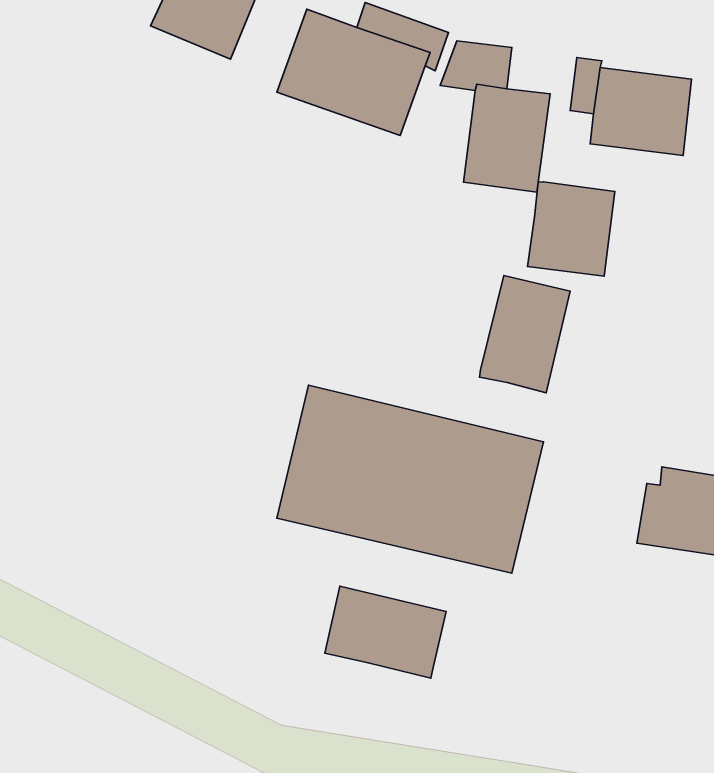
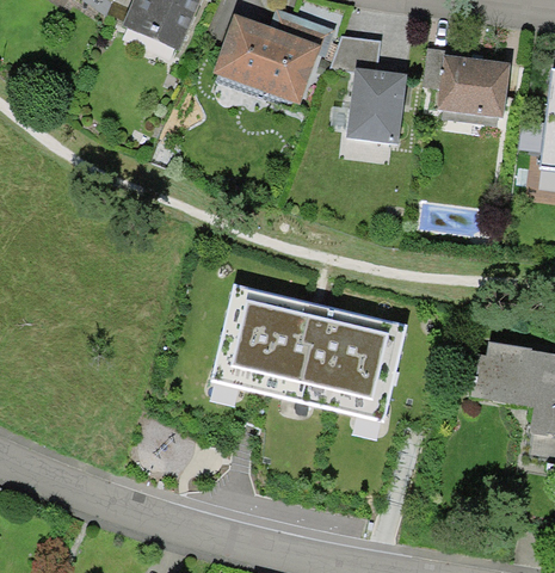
building: [528,182,615,276] -> none
building: [480,275,570,393] -> none
building: [325,586,446,678] -> none

